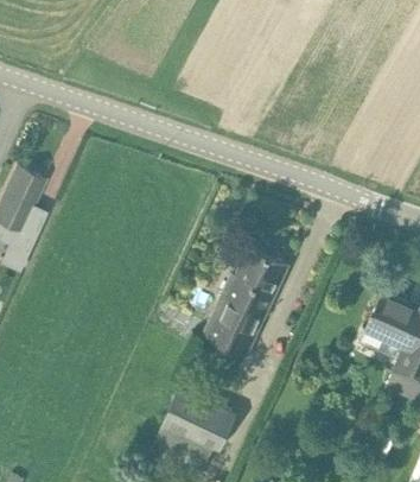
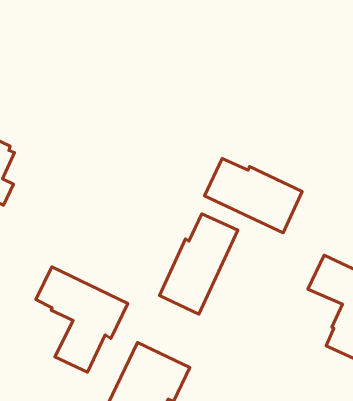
building: none -> [204,159,302,233]
building: none -> [36,267,128,372]

